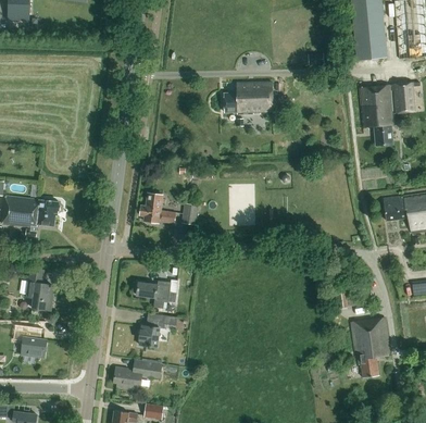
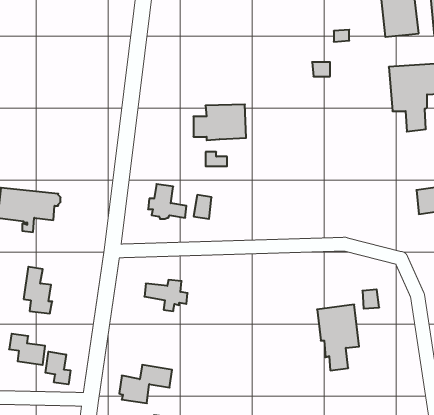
building: [225,82,273,114] -> [193,104,246,140]
building: [139,313,177,347] -> none
building: [351,316,389,376] -> [317,305,359,370]
building: none -> [45,352,70,384]

